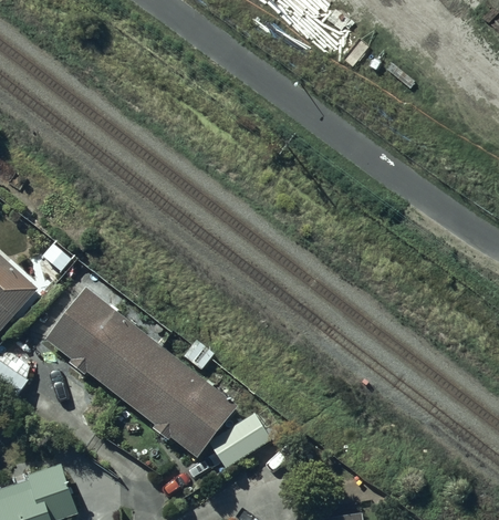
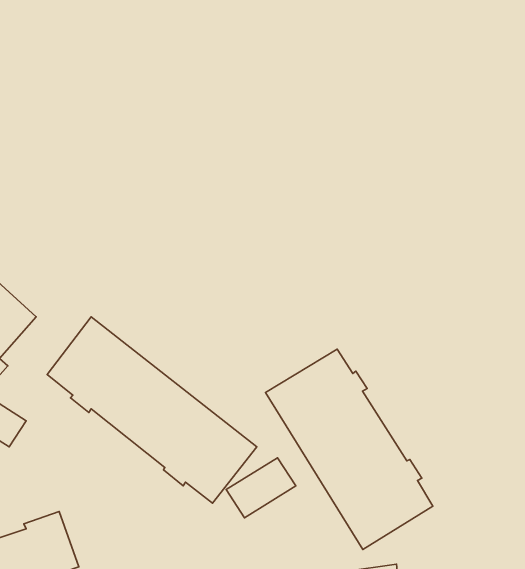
building: none -> [266,349,433,549]

